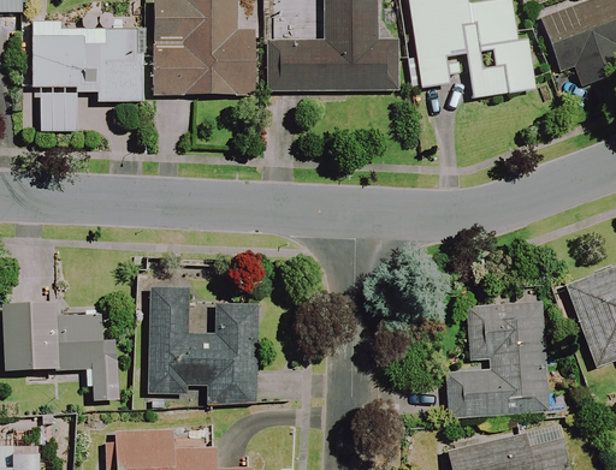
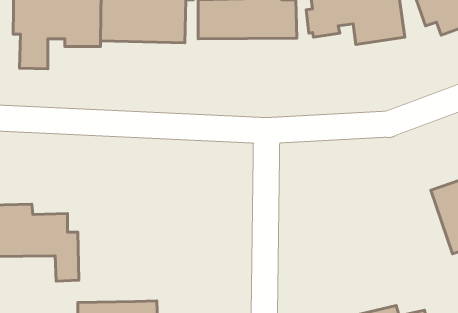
building: [149,286,259,404] -> none
building: [446,296,549,430] -> none

